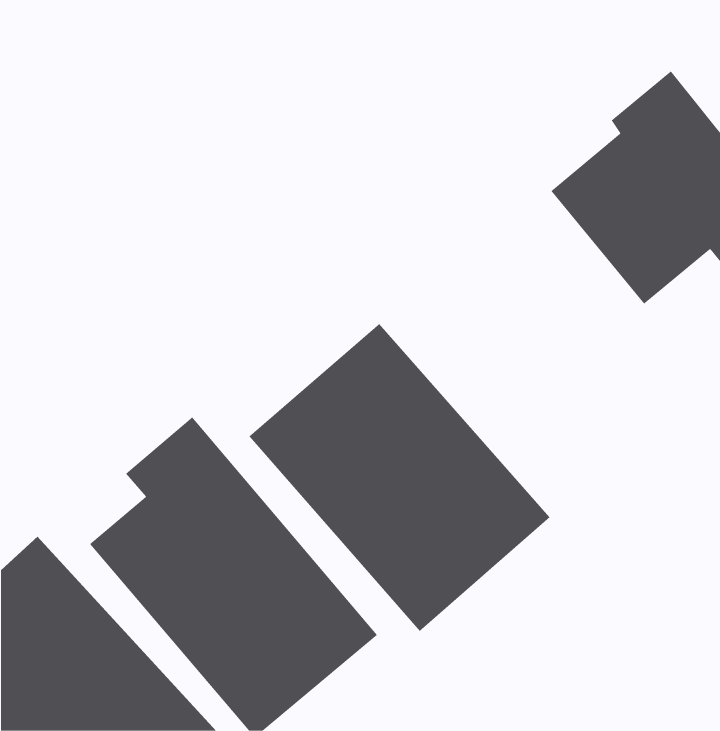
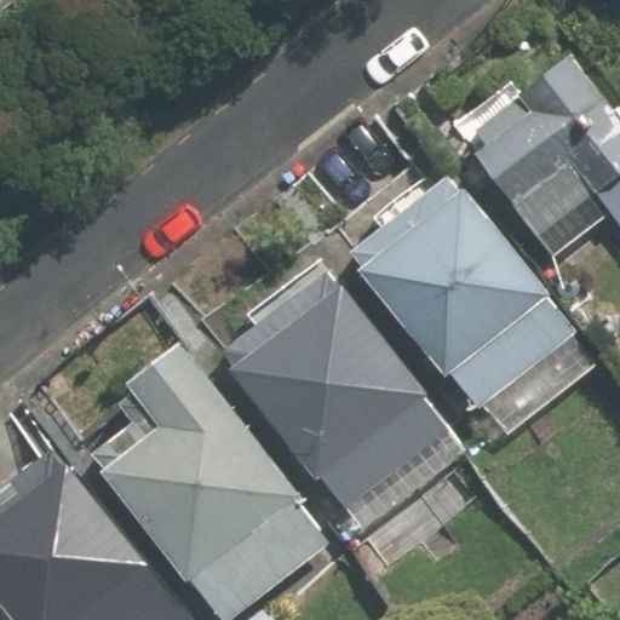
building: none -> [343,174,573,411]

